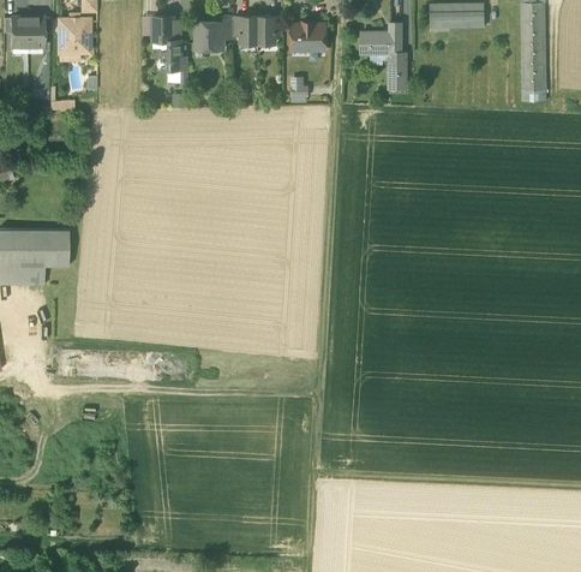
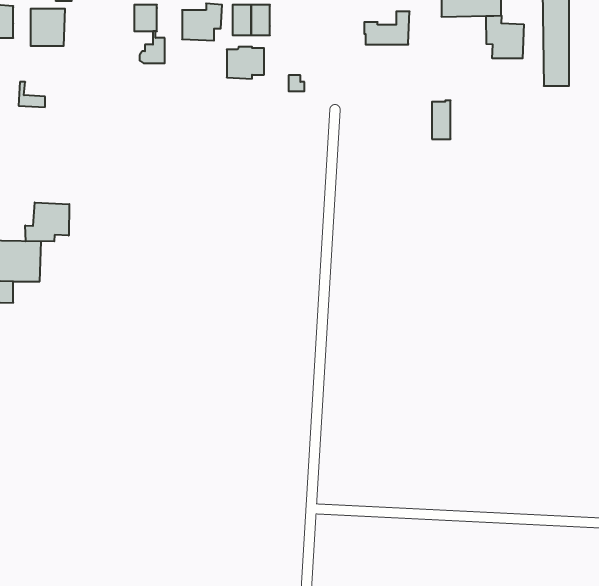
building: [292,22,325,50] -> [227,47,264,79]
building: none -> [486,15,524,58]
building: [388,52,405,87] -> [432,100,451,139]
building: none -> [25,202,69,241]

